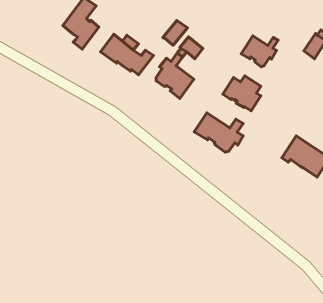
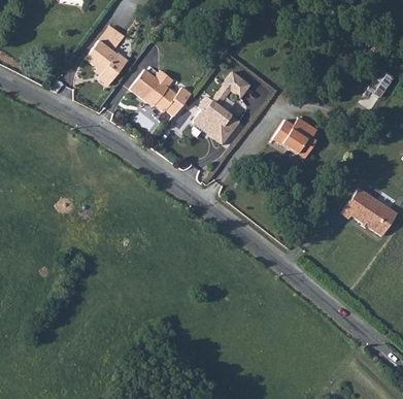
building: [163,20,187,45] -> none
building: [241,36,278,67] -> none
building: [194,113,243,152] -> none

